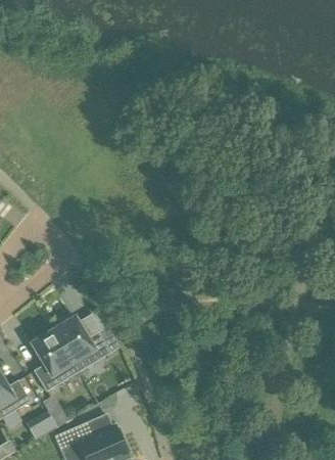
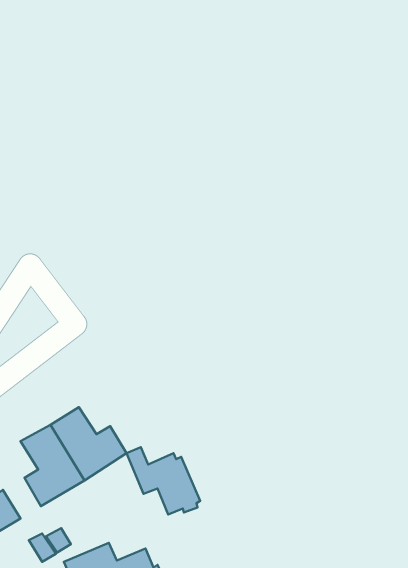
building: none -> [126,447,200,514]

